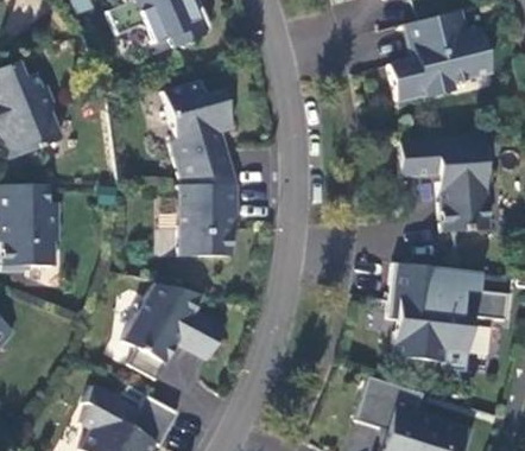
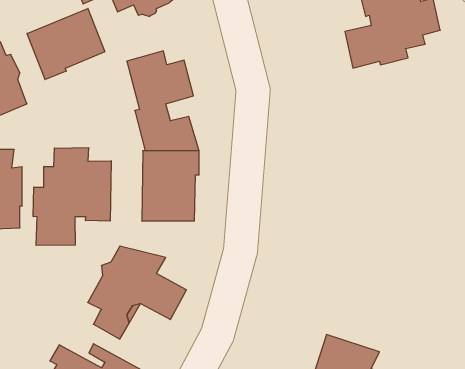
building: none -> [27,8,105,80]
building: [400,135,492,231] -> none
building: none -> [33,148,111,245]
building: [385,262,506,362] -> none

